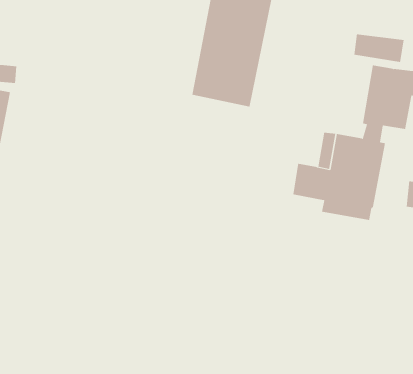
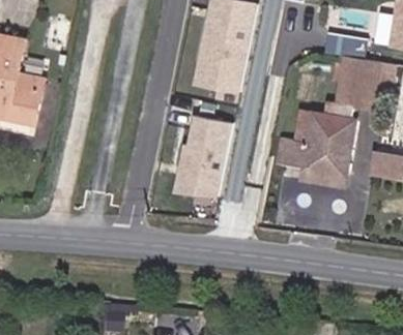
building: none -> [178,112,231,193]

